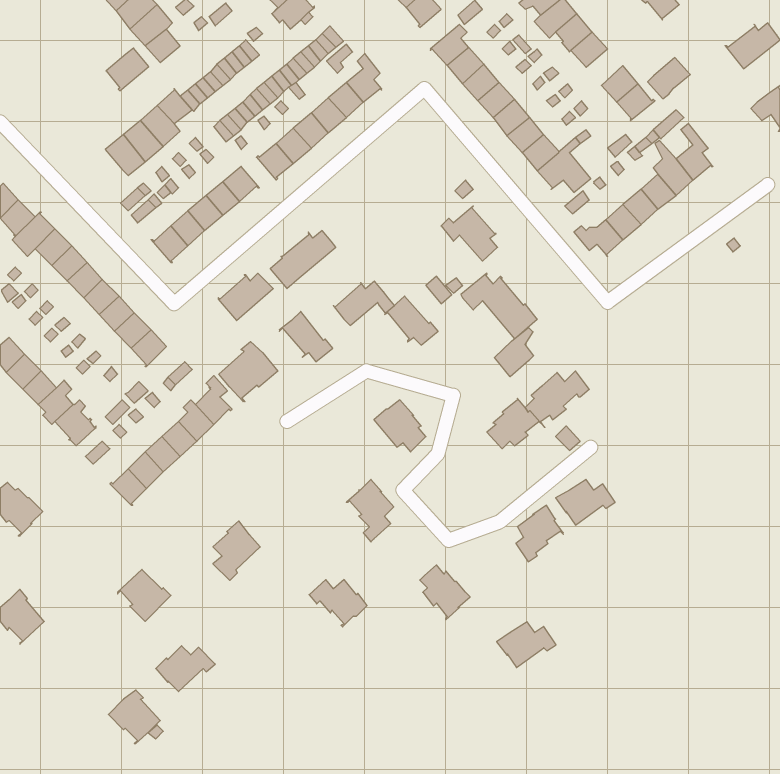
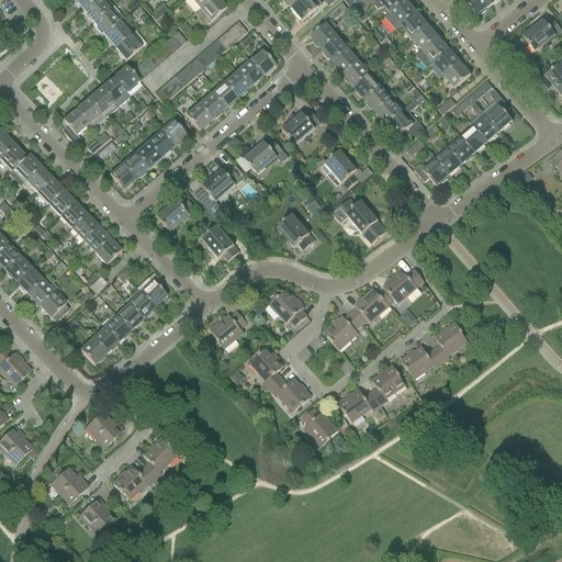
building: [106,48,149,91] -> [115,29,146,59]
building: [648,58,690,99] -> [417,35,448,65]
building: none -> [60,108,88,143]
building: none -> [281,109,321,142]
building: [333,281,394,325] -> [244,138,288,170]
building: [494,328,534,377] -> none
building: [219,342,278,402] -> none
building: none -> [210,310,247,347]
building: none -> [324,311,361,348]
building: none -> [434,321,468,361]
building: [213,521,260,580] -> [143,435,177,477]
building: [309,580,367,627] -> [269,376,311,411]
building: [497,622,556,668] -> [337,387,380,420]
building: none -> [40,464,89,503]

